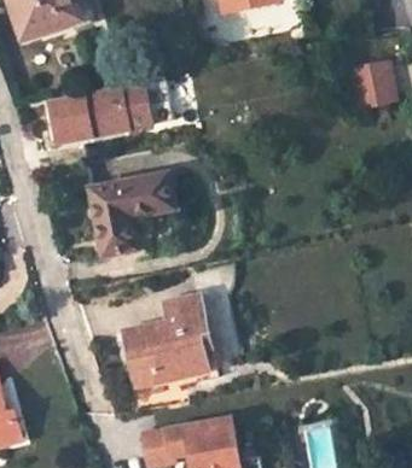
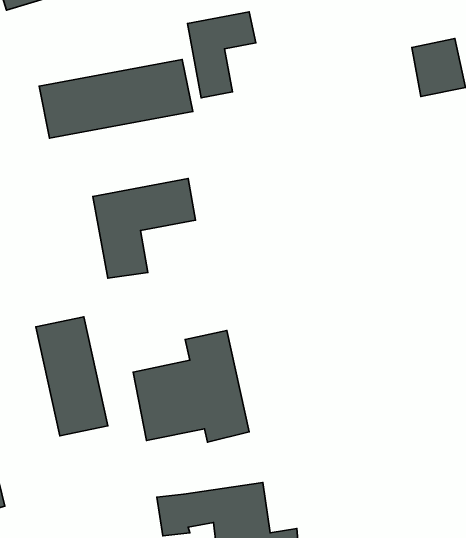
building: none -> [188,12,256,98]
building: none -> [36,317,108,436]

